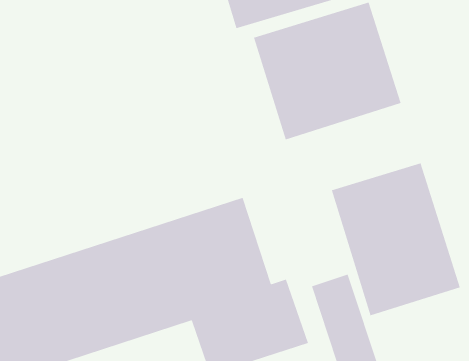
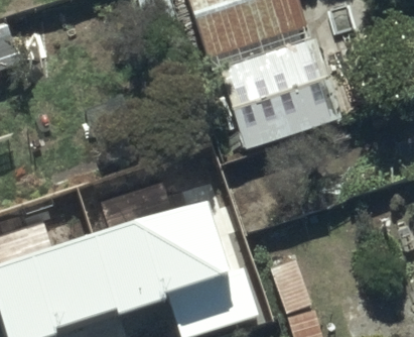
building: [331,162,461,316] -> none

